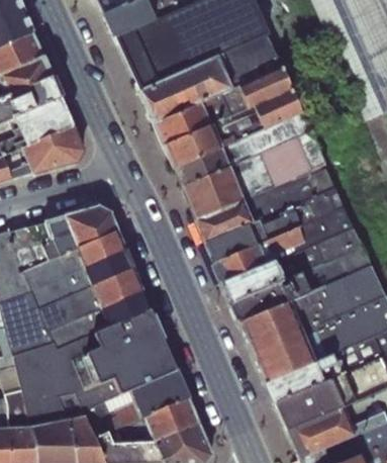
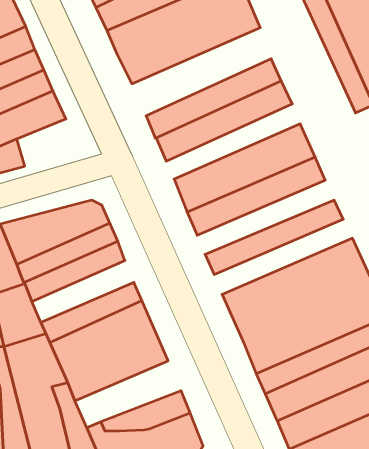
building: [140,33,281,121] -> none
building: [175,109,310,185] -> none
building: [24,124,85,172] -> none
building: [206,186,345,261] -> none
building: [223,225,363,301] -> none
building: [39,267,142,330] -> none
building: [83,368,190,436] -> none

